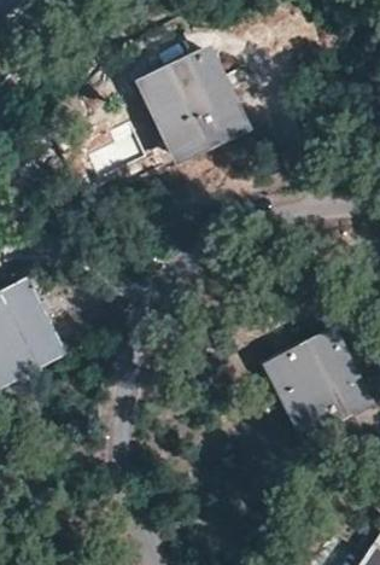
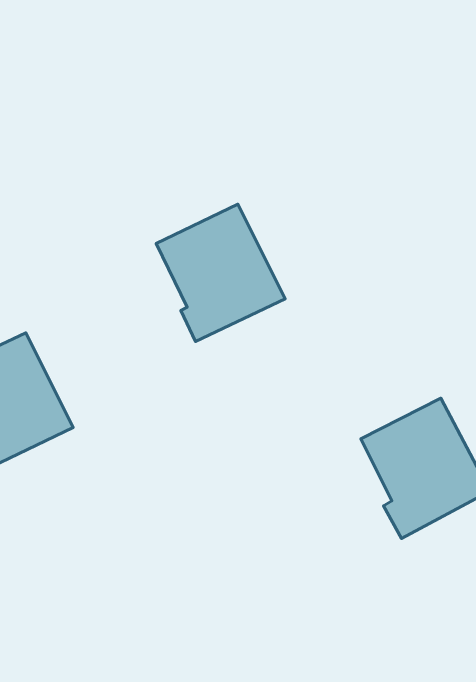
building: [145,49,240,151] -> [156,204,285,341]

